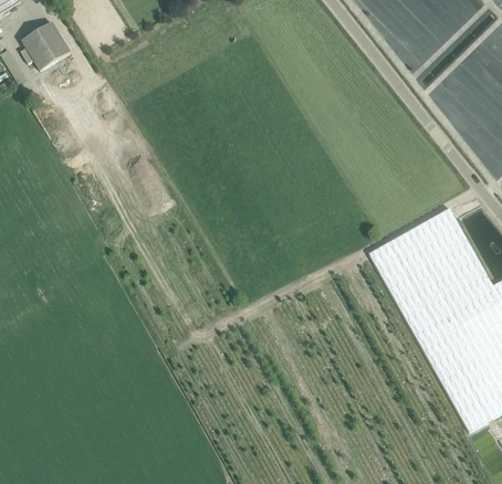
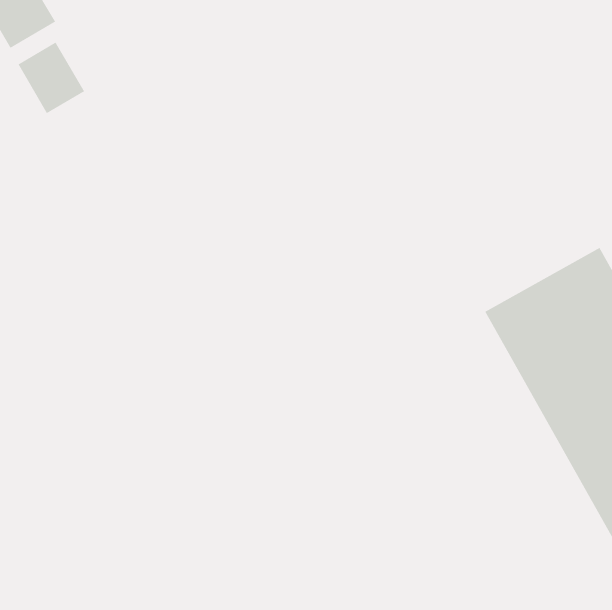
building: none -> [17,42,85,114]

